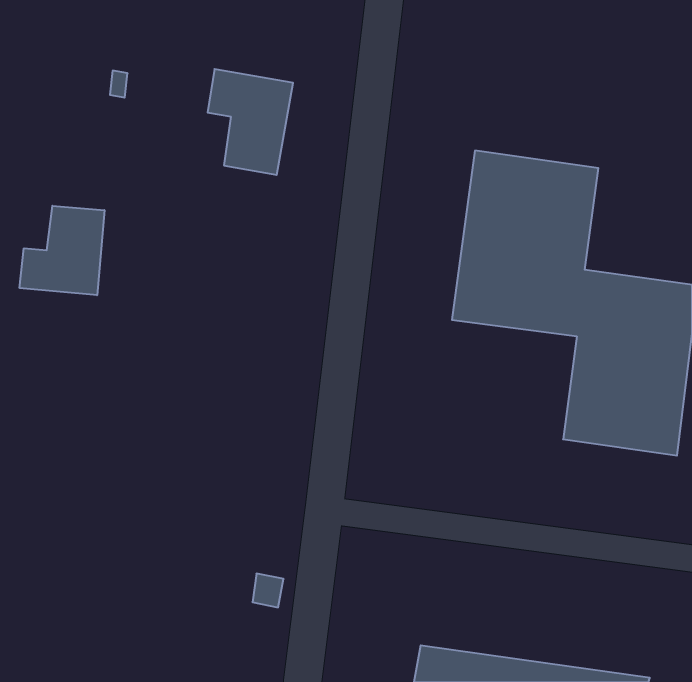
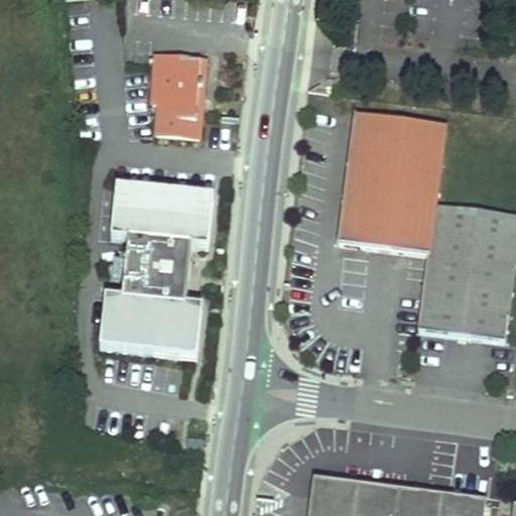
building: [20,206,104,295] -> none
building: none -> [102,184,214,355]

